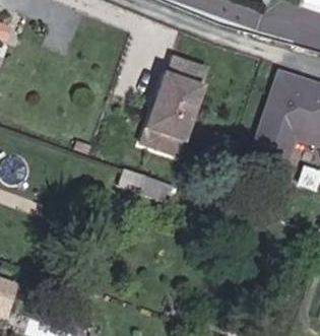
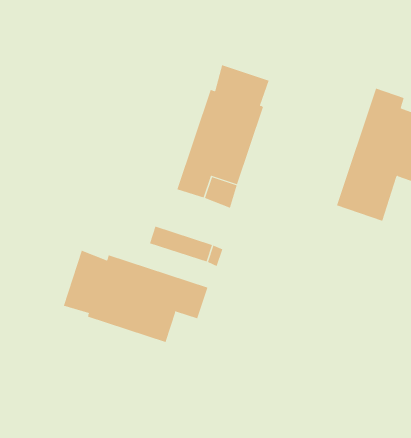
building: none -> [63,250,208,343]

